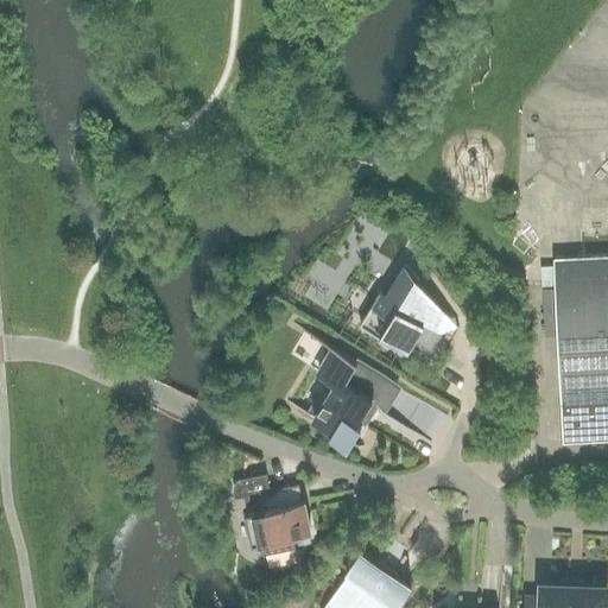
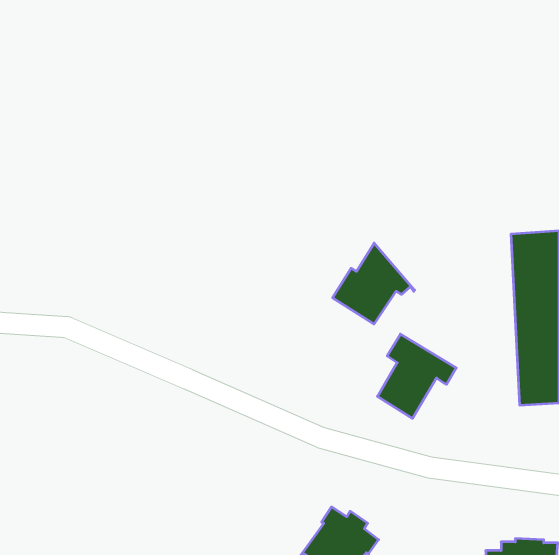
building: [310,352,395,443] -> [377,334,456,418]
building: [234,480,312,562] -> none

